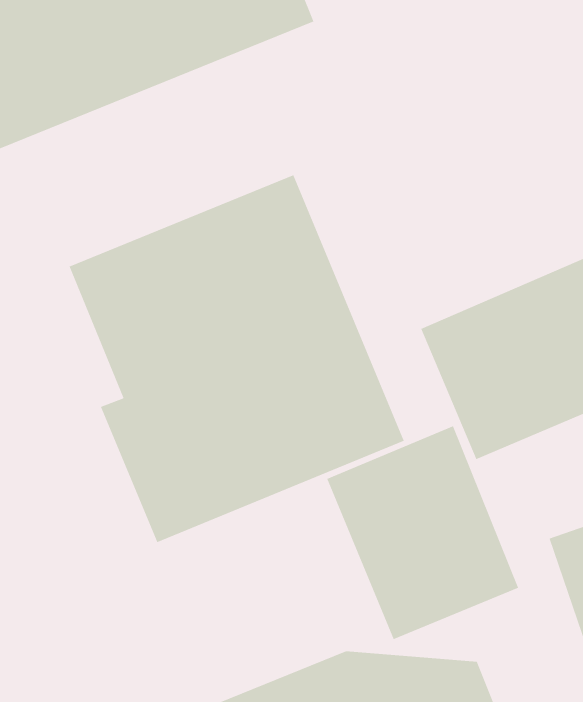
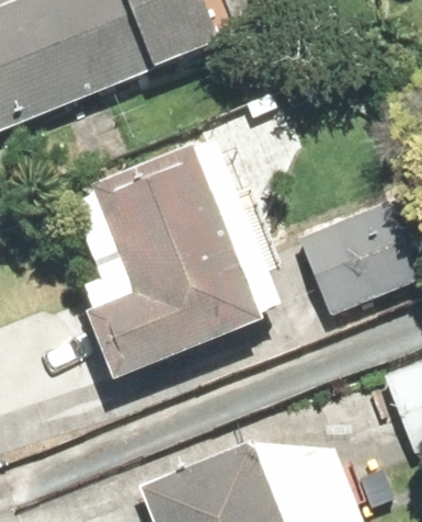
building: [326,425,519,640] -> none

